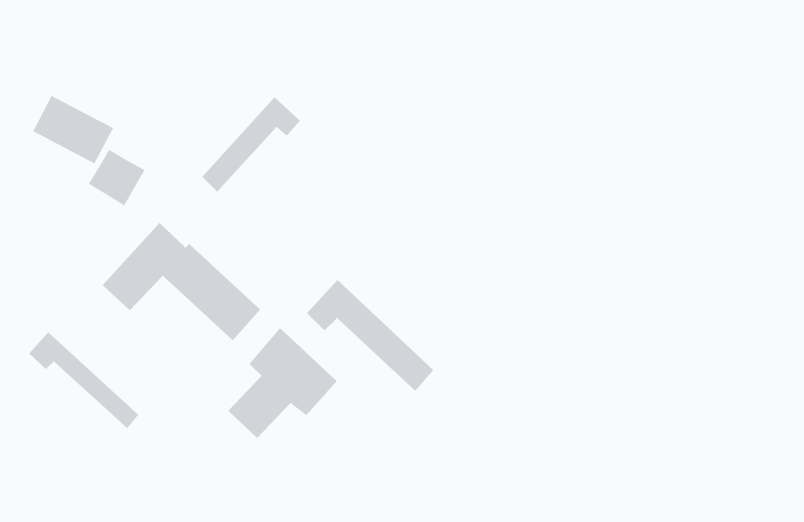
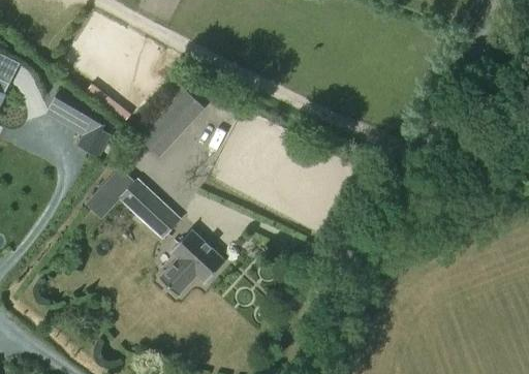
building: [306,279,434,392] -> none
building: [28,331,139,429] -> none

